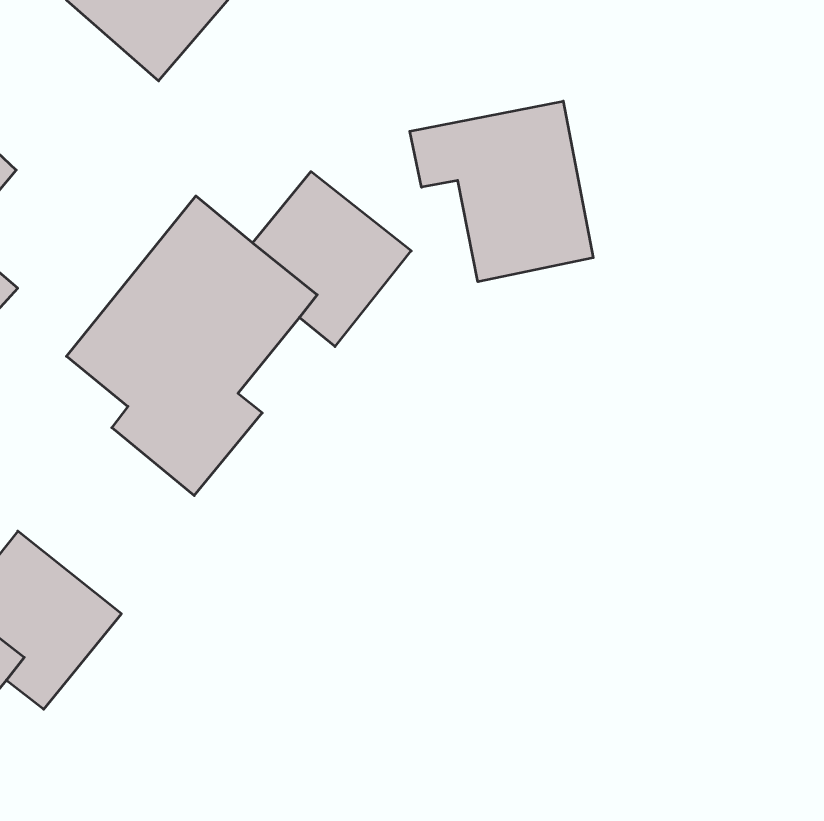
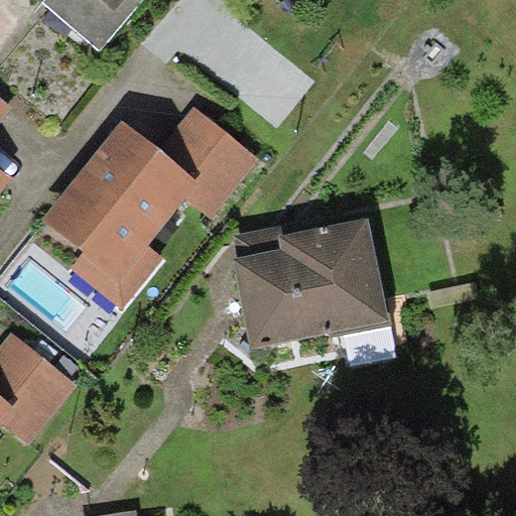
building: [410,101,593,282] -> none
building: none -> [232,218,389,350]

